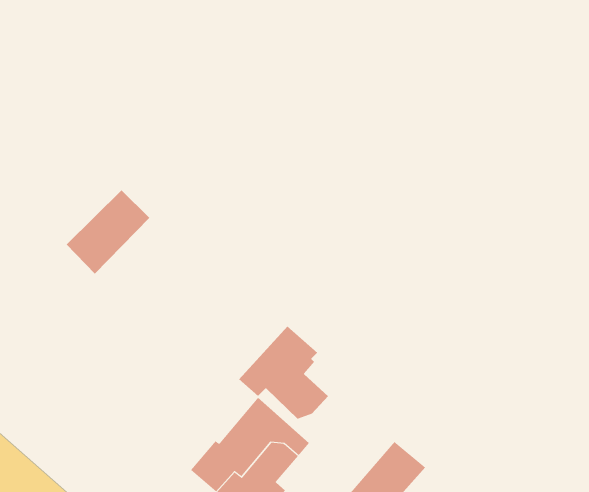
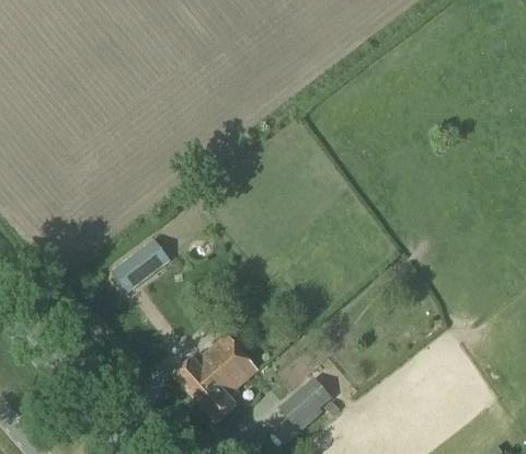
building: [66,189,150,274] -> [112,238,171,293]
building: [238,326,329,419] -> none

